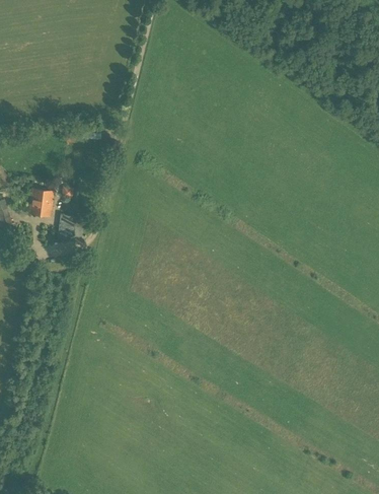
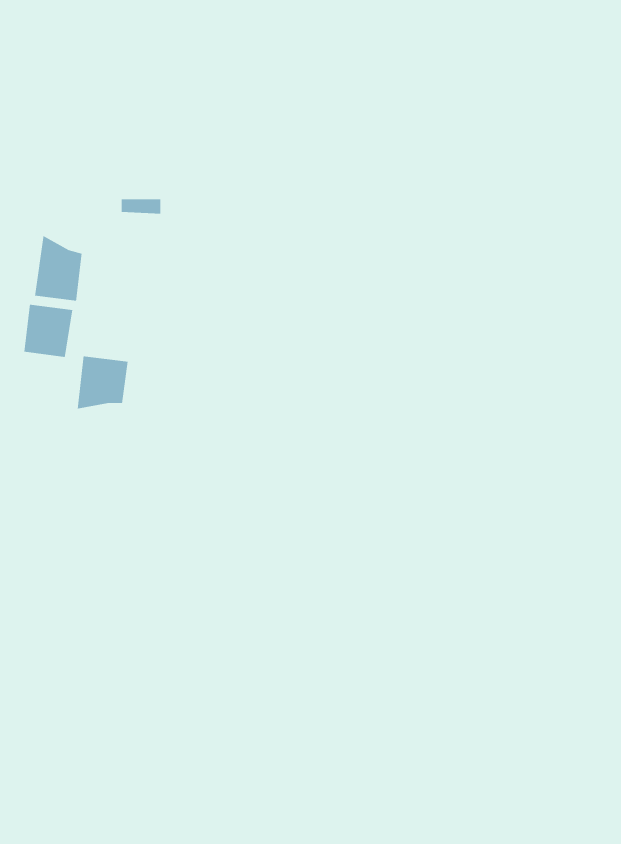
building: none -> [34,235,82,302]

